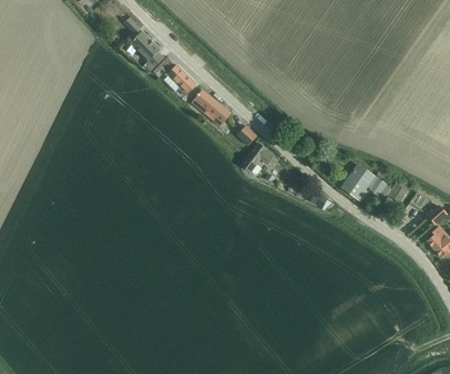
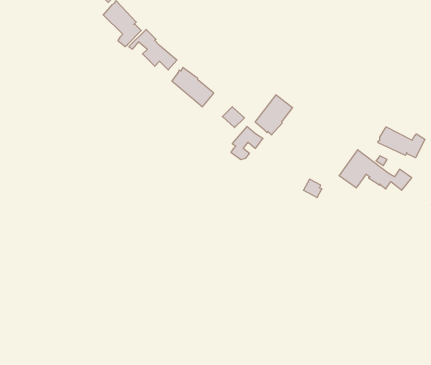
building: none -> [255,95,292,135]
building: none -> [378,127,425,158]

